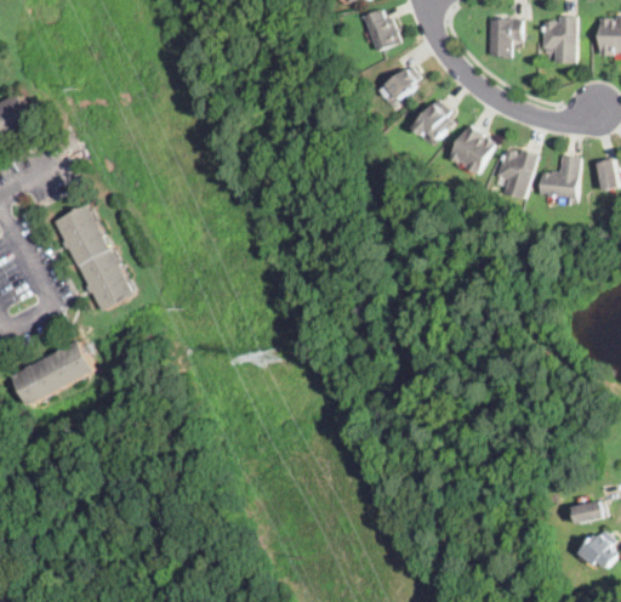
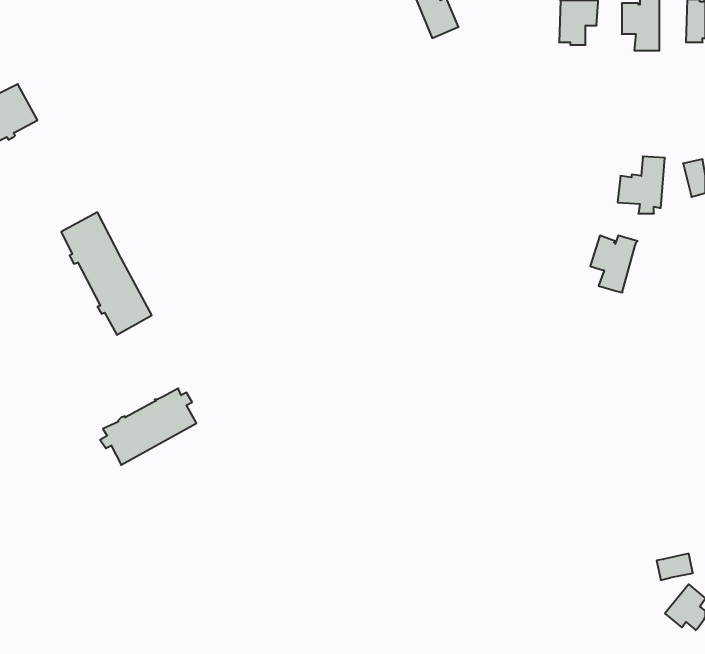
building: [384,67,417,101] -> none
building: [411,100,452,142] -> none
building: [448,124,495,175] -> none
building: [495,149,536,199] -> [590,236,638,293]
building: [11,340,95,407] -> [100,388,196,465]

